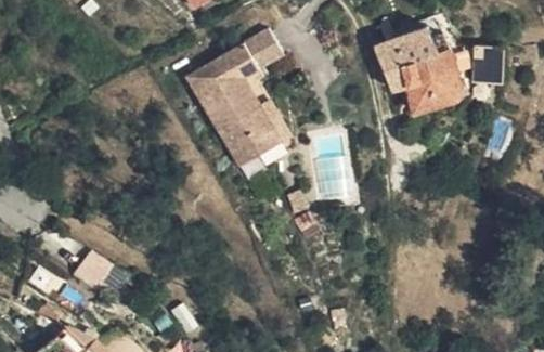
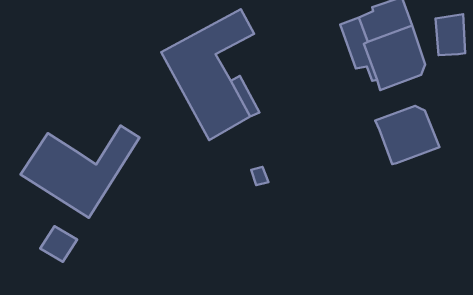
building: none -> [375,106,439,164]
building: none -> [21,125,139,218]

